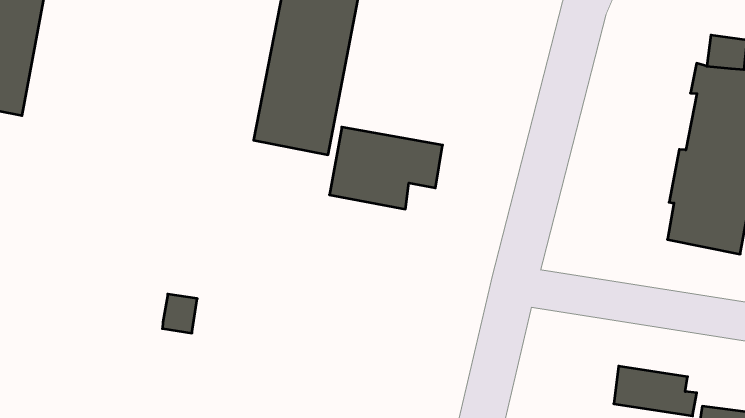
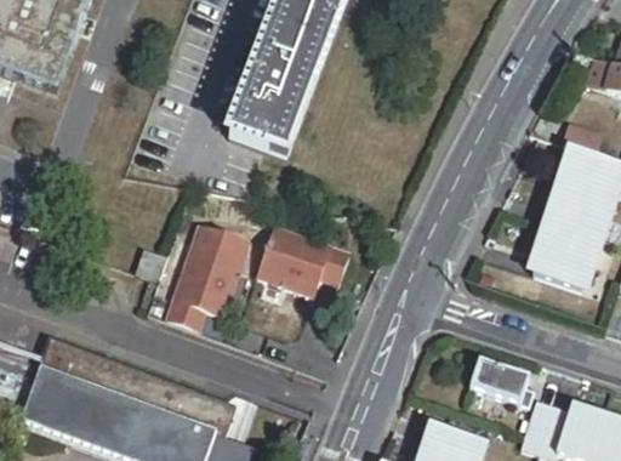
building: [329,127,443,209] -> [255,223,347,294]
building: none -> [165,221,247,328]

